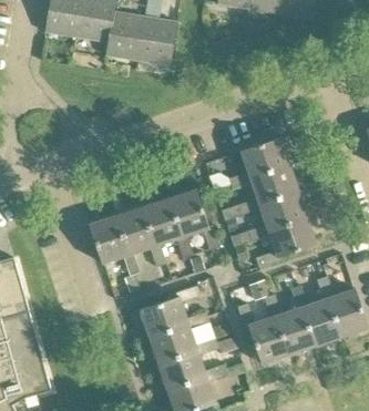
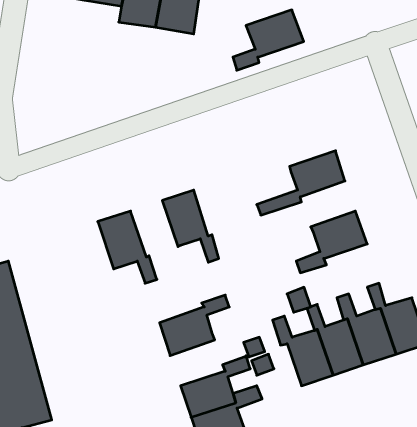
building: [229,137,289,188] -> [233,10,304,70]
building: [170,189,217,249] -> none
building: [232,189,306,245] -> none
building: [116,206,165,267] -> none
building: [150,310,213,362] -> none

